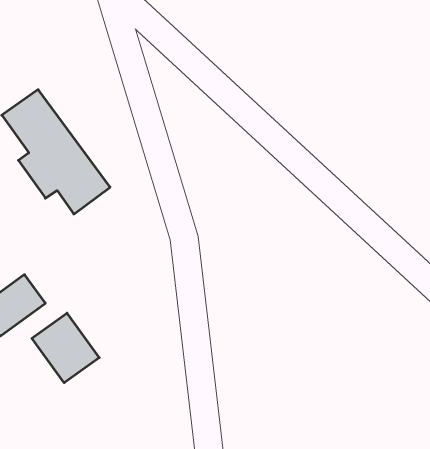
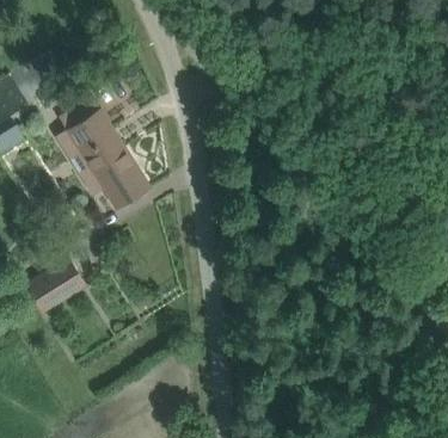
building: [32,313,99,383] -> none

